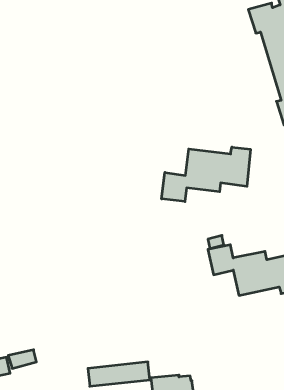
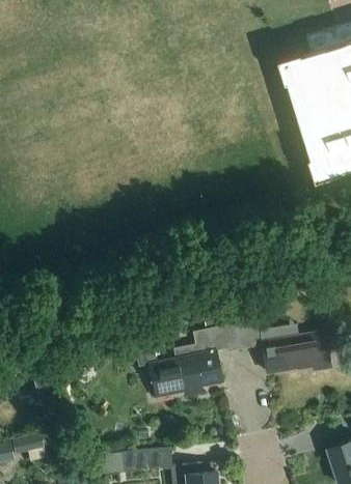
building: [162,147,250,202] -> none
building: none -> [143,324,238,398]

